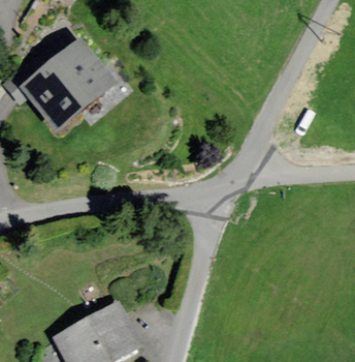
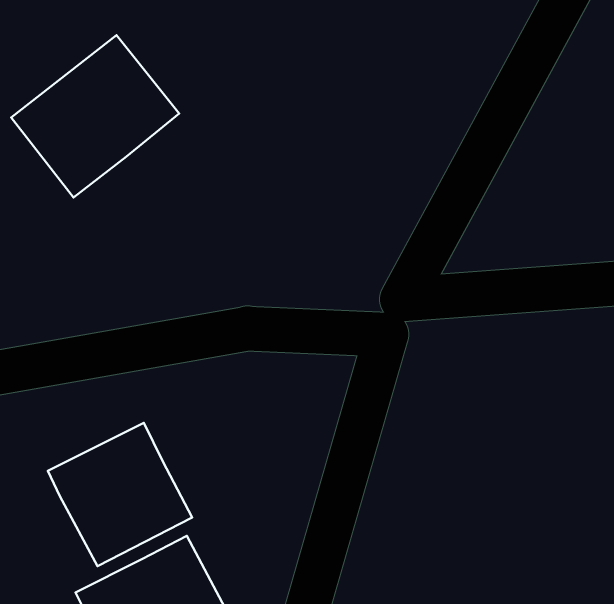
building: none -> [48,423,192,566]

